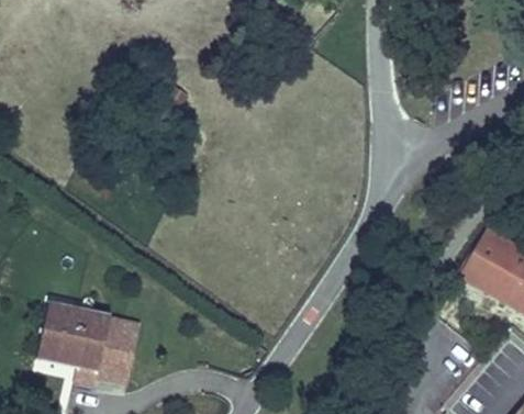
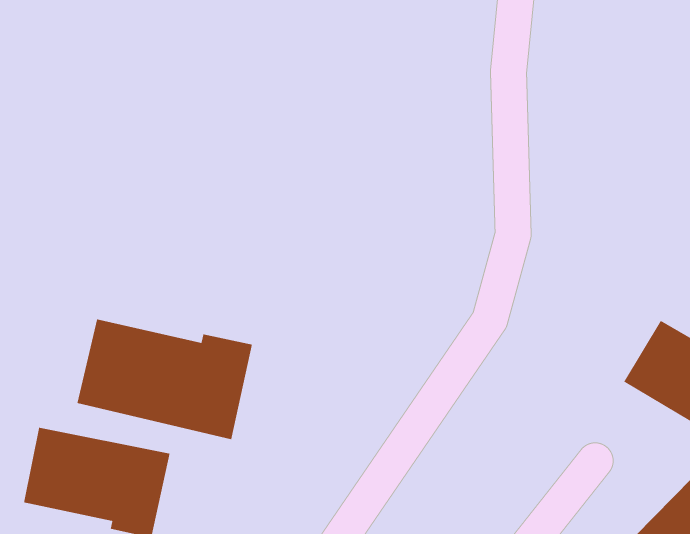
building: none -> [77,318,253,440]

